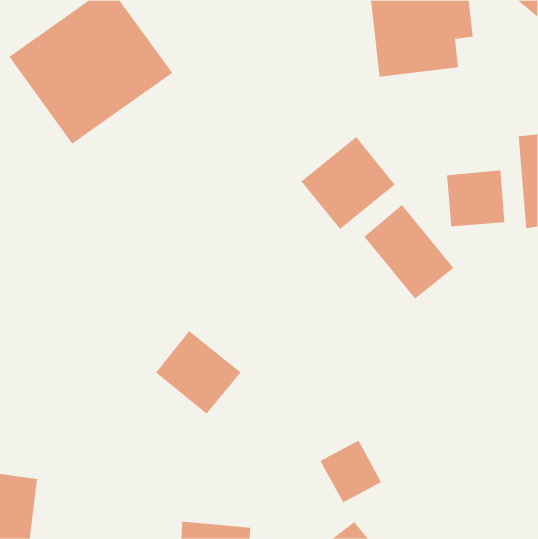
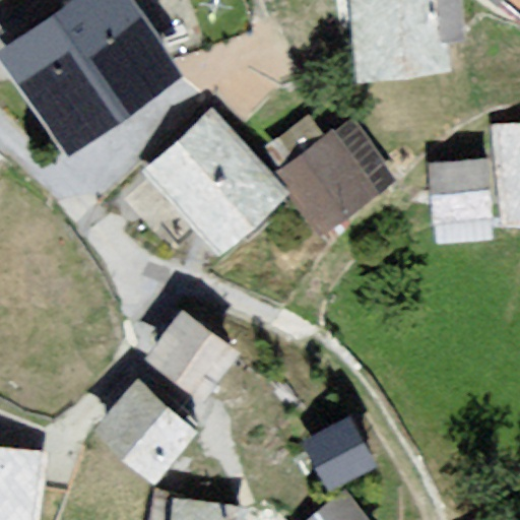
building: none -> [151,119,279,248]
building: [363,204,454,300] -> none
building: none -> [100,387,189,474]

